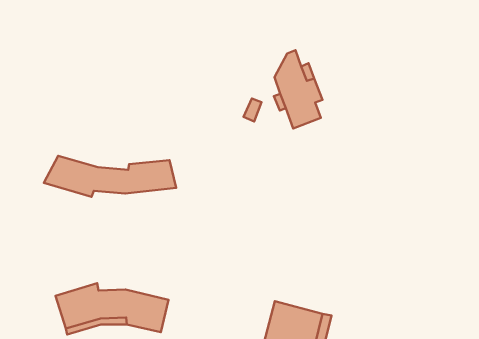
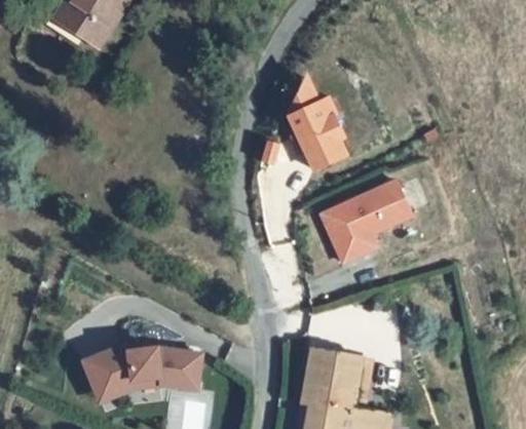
building: none -> [320,182,410,264]
building: [44,156,176,197] -> none

